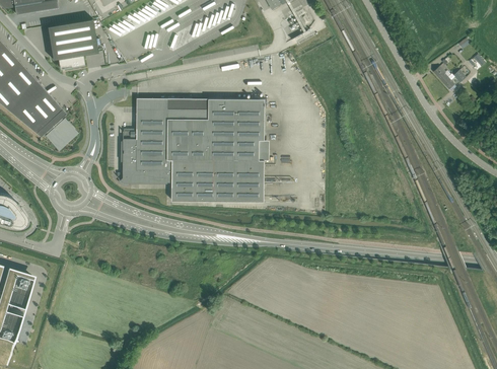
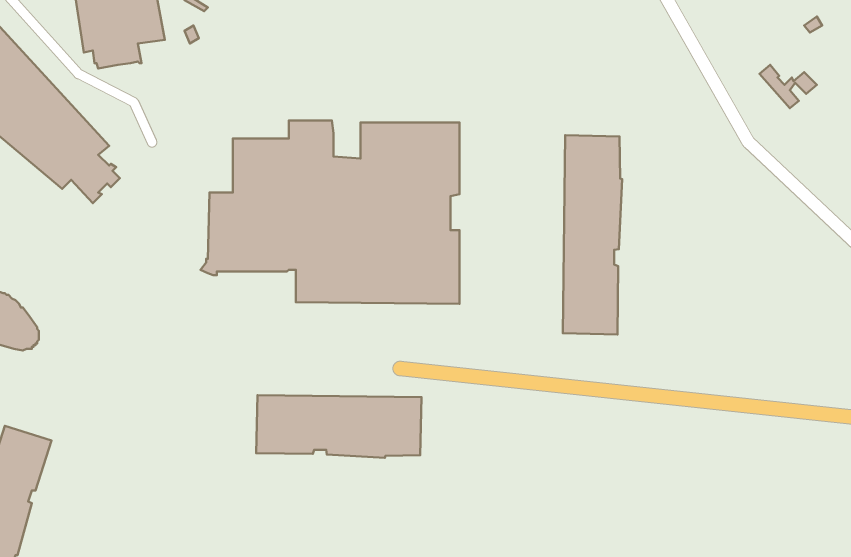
building: none -> [563,135,622,334]
building: none -> [256,395,421,458]

